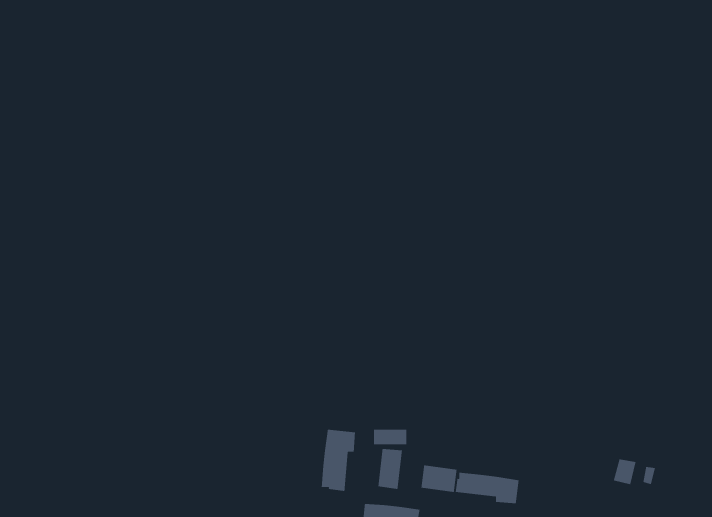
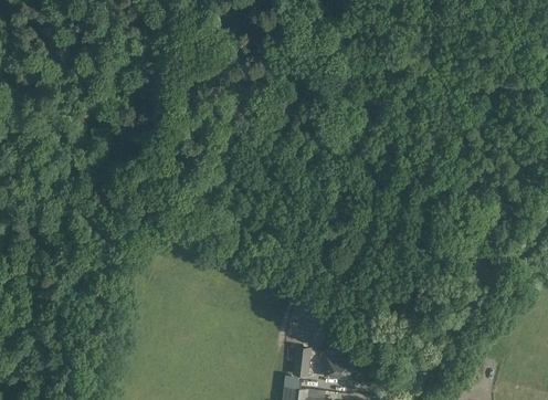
building: [321,429,356,492] -> none
building: [455,472,520,504] -> none

